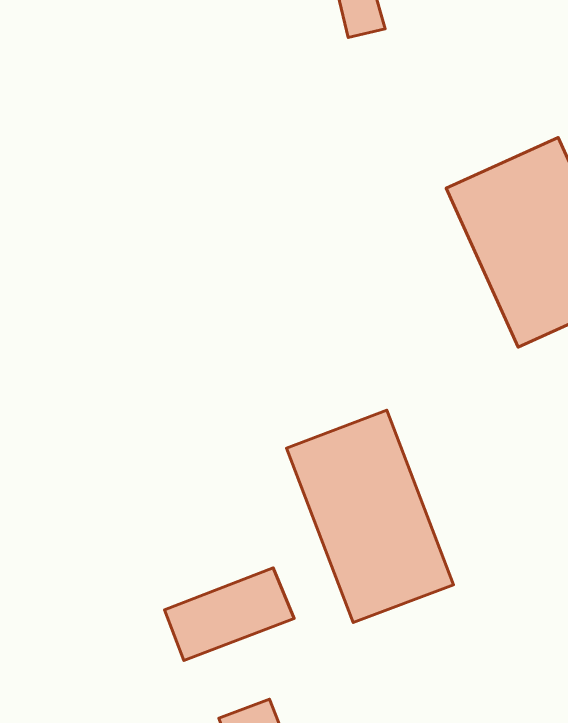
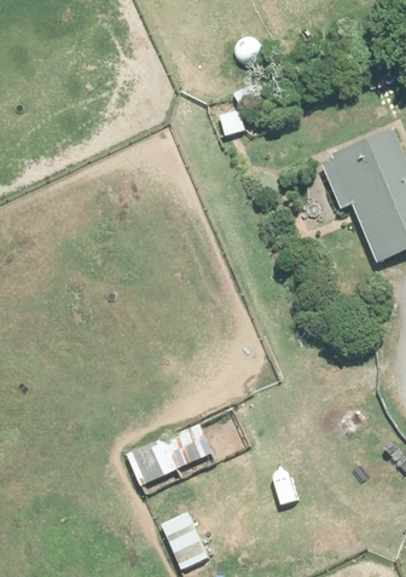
building: [287,410,453,623] -> none

